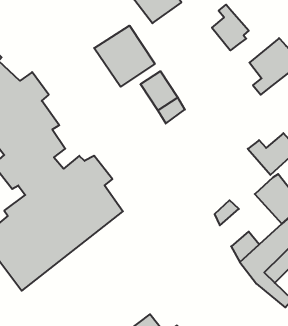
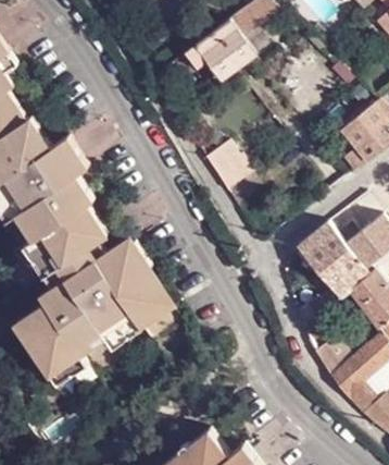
building: [212,5,249,50] -> none
building: [94,26,155,87] -> none
building: none -> [298,223,368,297]

